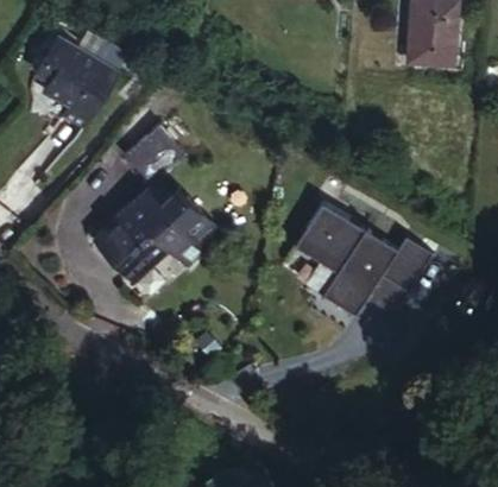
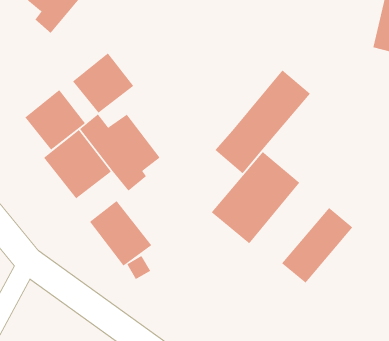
building: none -> [24,89,86,151]
building: [308,224,397,339] -> [214,69,311,174]
building: none -> [89,200,152,266]

